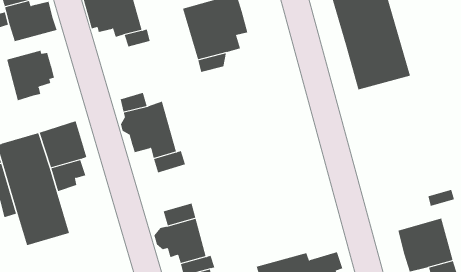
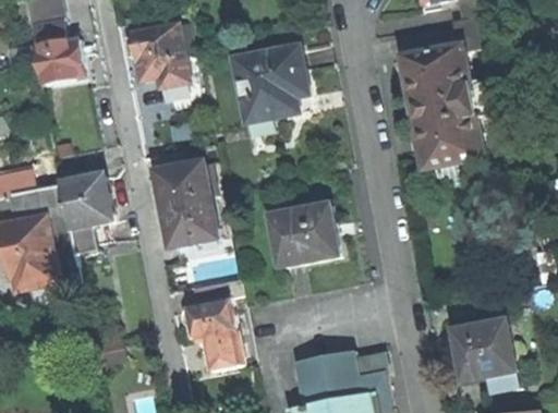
building: [6,50,55,101] -> none
building: none -> [269,202,338,264]

